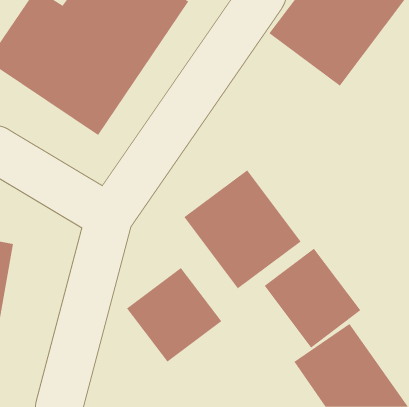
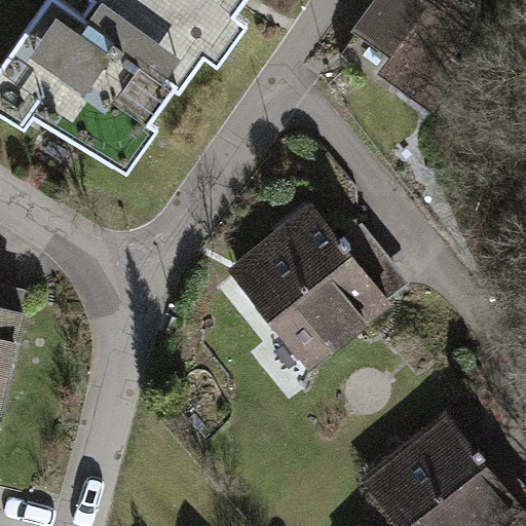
building: [264,248,361,348] -> none
building: [126,267,222,363] -> none

